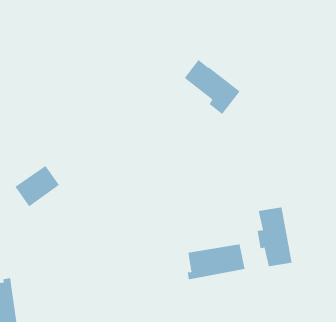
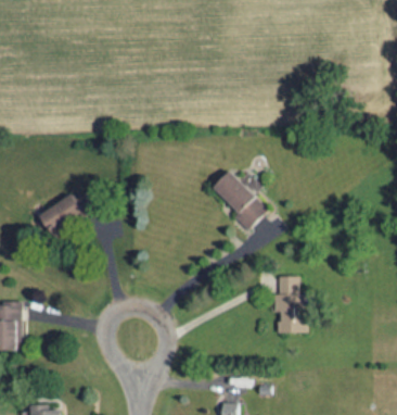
building: [184,59,240,115] -> [214,171,268,230]
building: [187,244,245,280] -> none

